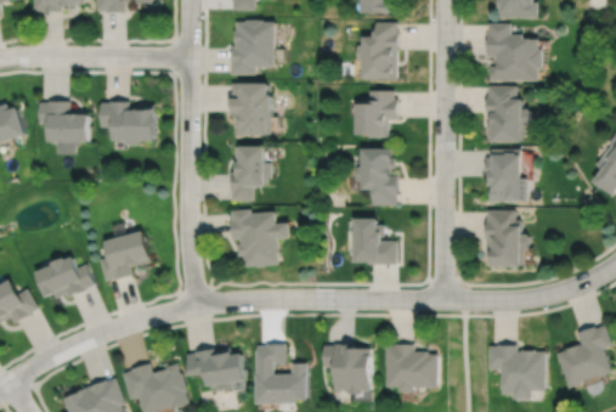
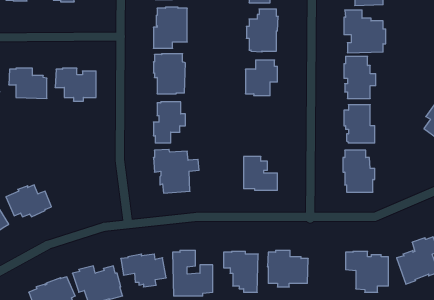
building: [354,148,396,204] -> none
building: [100,231,151,281] -> none

